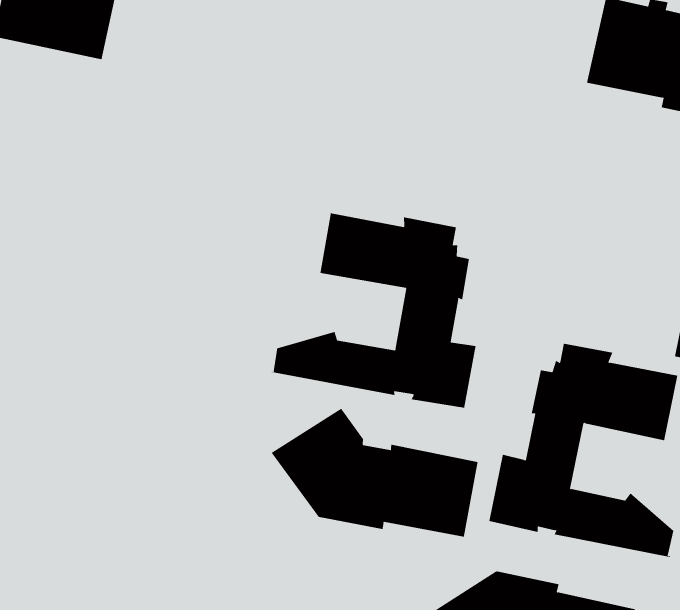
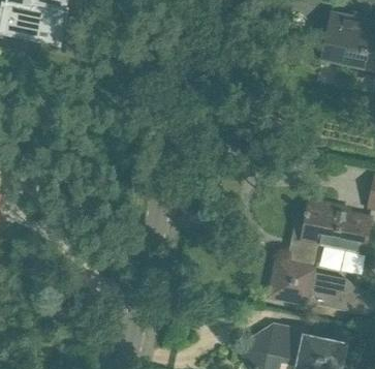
building: [271,212,476,408] -> none
building: [271,408,478,537] -> none

